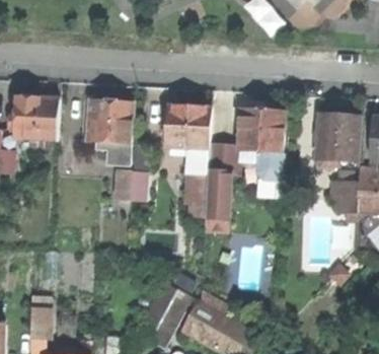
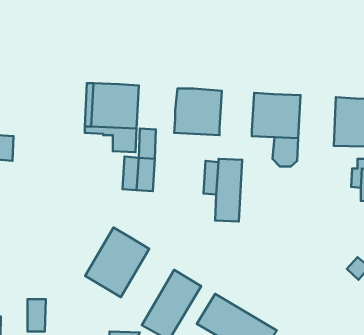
building: [14,97,59,141] -> none
building: [207,144,238,174] -> none
building: none -> [85,228,149,297]

